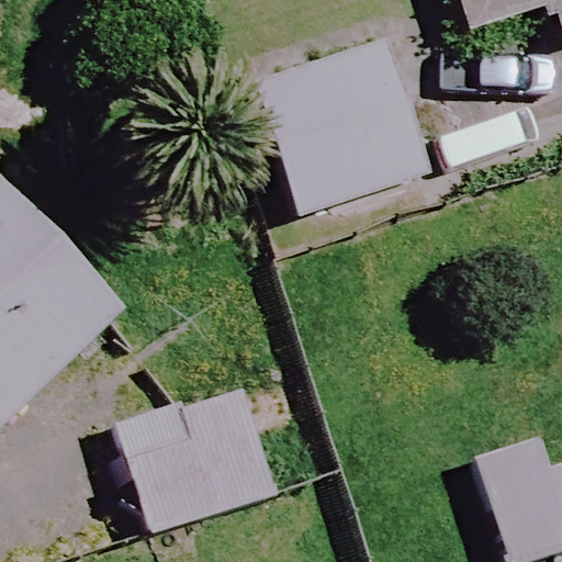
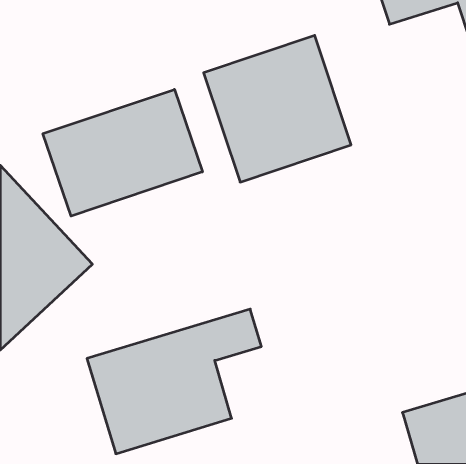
building: none -> [43,89,202,216]

